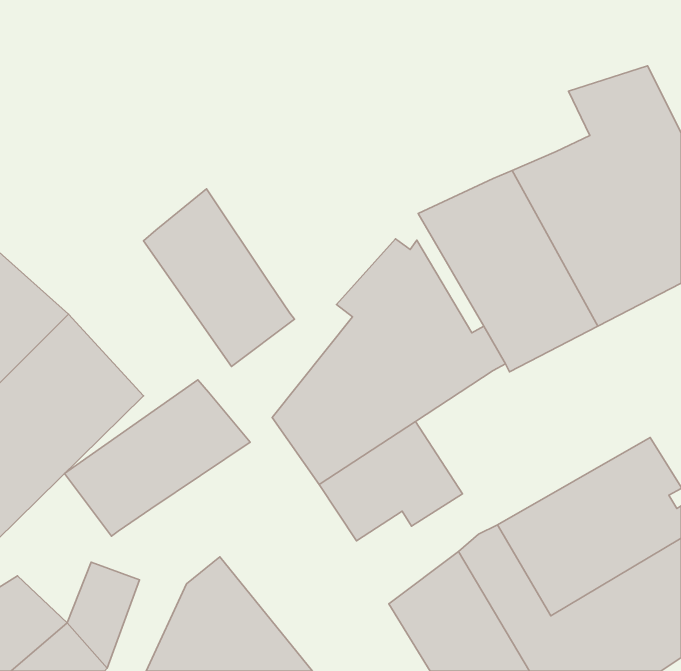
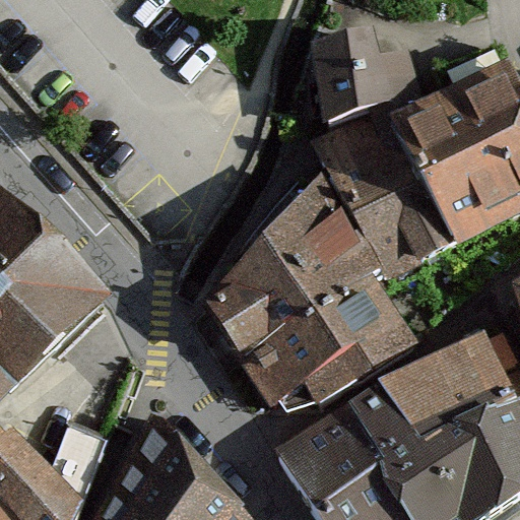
building: none -> [321,42,421,135]
building: [144,189,294,366] -> none
building: none -> [315,280,409,374]
building: [64,380,250,536] -> none

